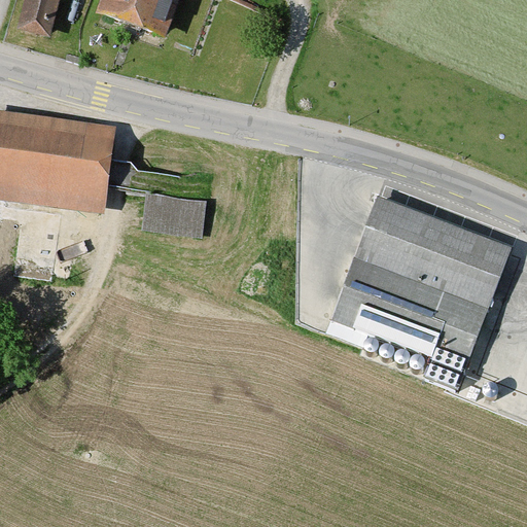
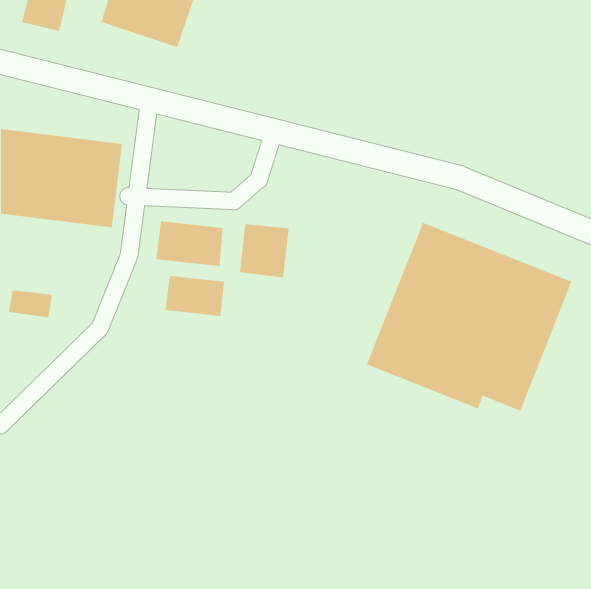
building: none -> [240,223,289,278]
building: none -> [165,275,224,317]

